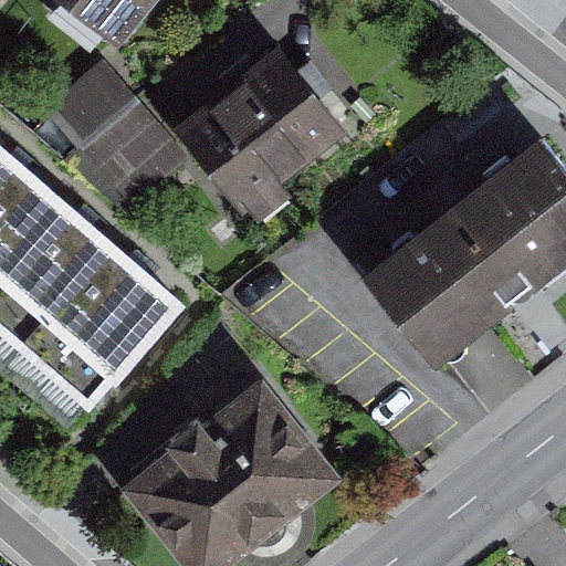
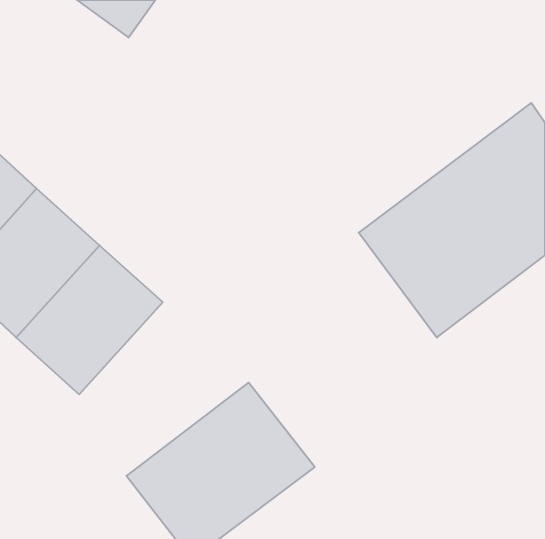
building: [55,50,182,177] -> none
building: [200,55,354,197] -> none

